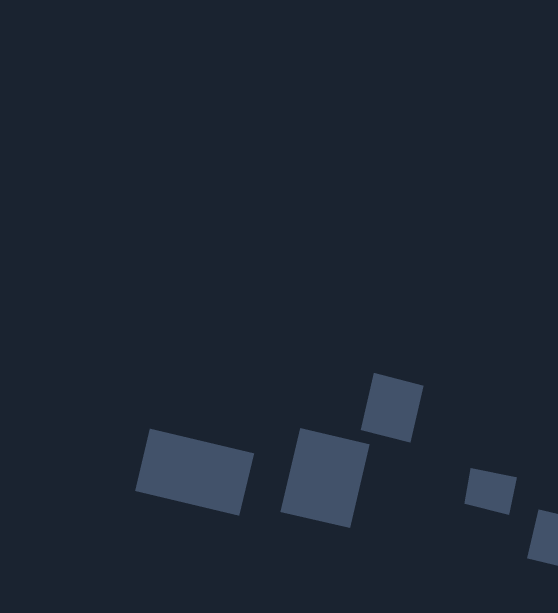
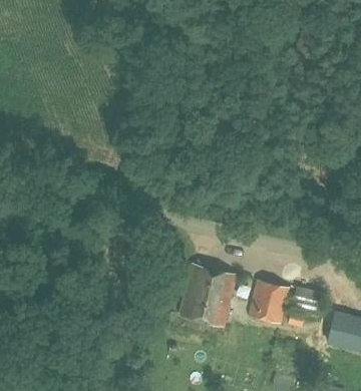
building: [360,372,425,443] -> [248,281,287,324]
building: [134,428,255,516] -> none

